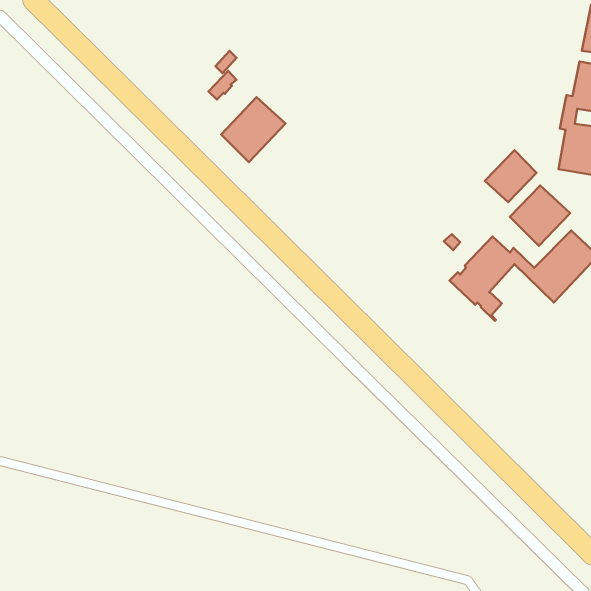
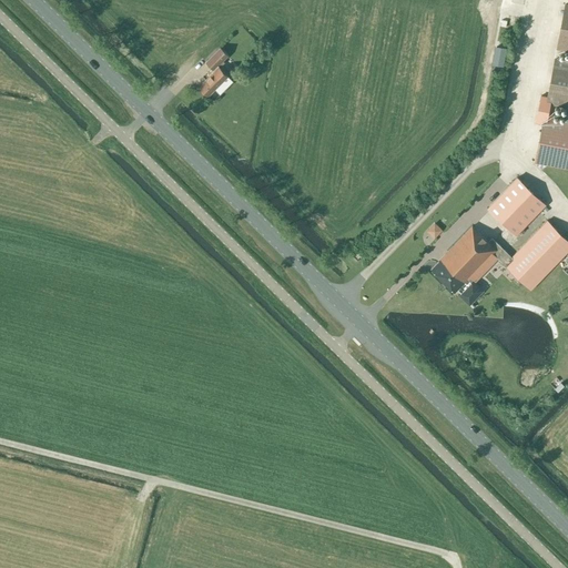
building: [221,97,285,162] -> none
building: [485,150,537,202] -> none

